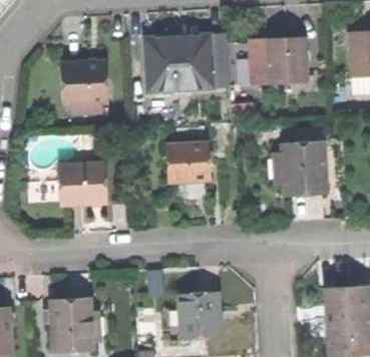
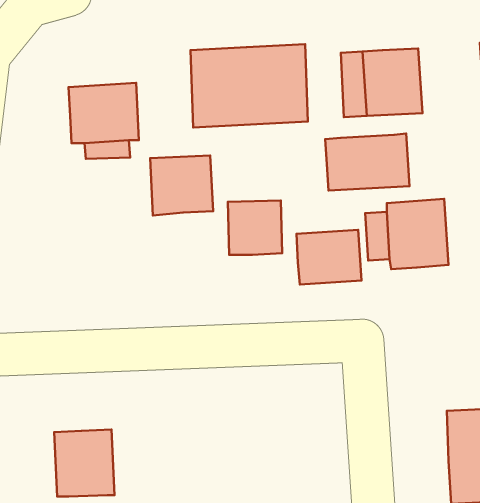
building: none -> [325,134,410,190]
building: [63,163,107,206] -> [150,155,213,215]
building: none -> [297,230,362,284]
building: [178,292,223,339] -> none

